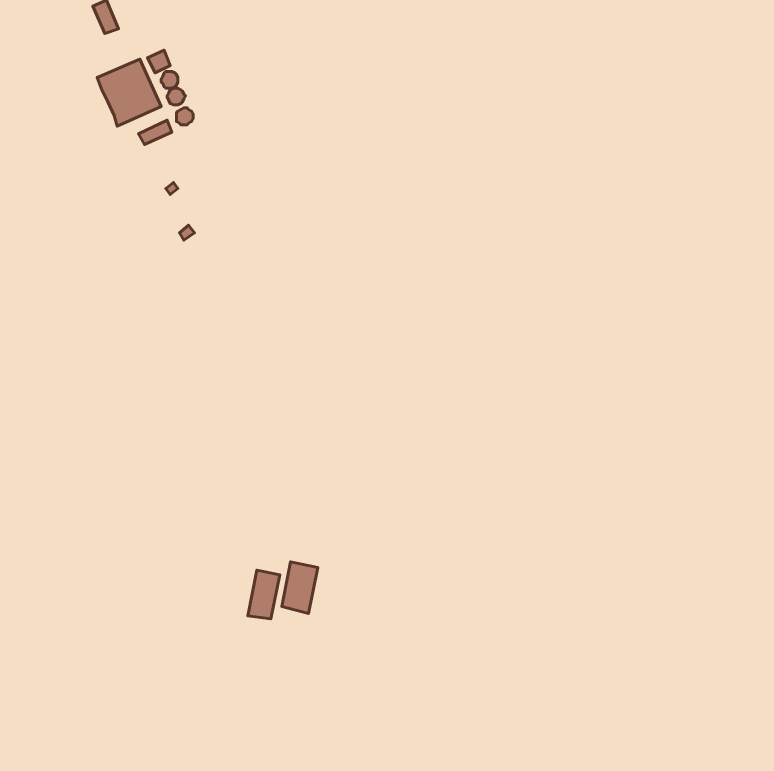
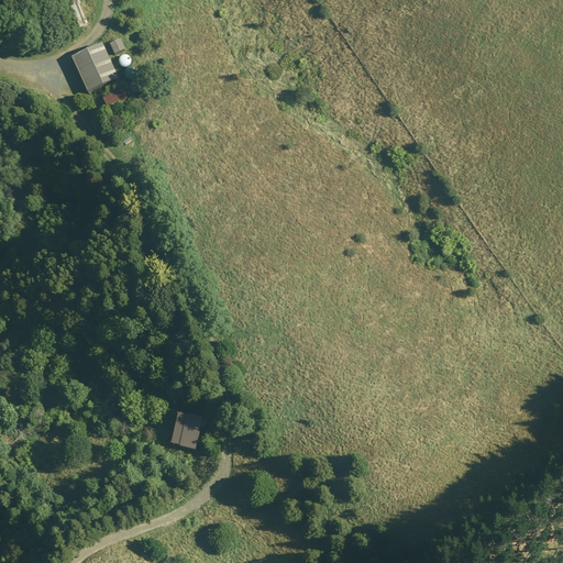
building: [282,562,318,614] -> none

